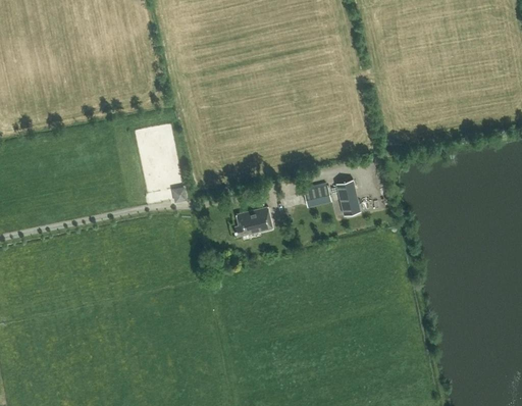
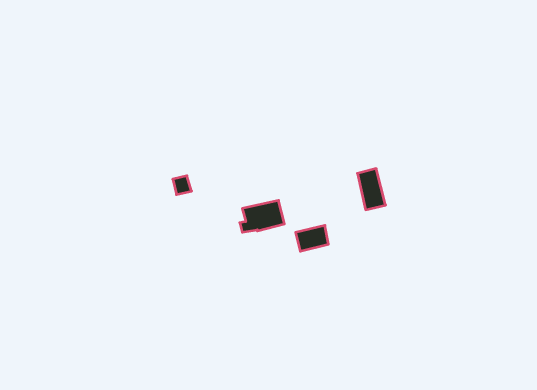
building: [302,186,330,208] -> [296,225,328,251]

